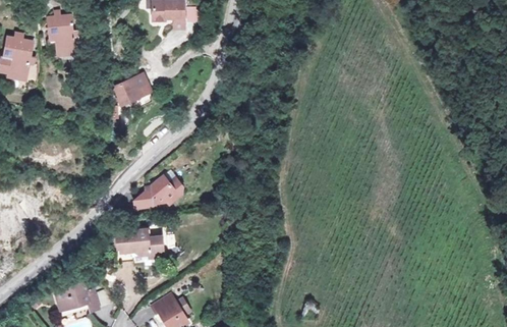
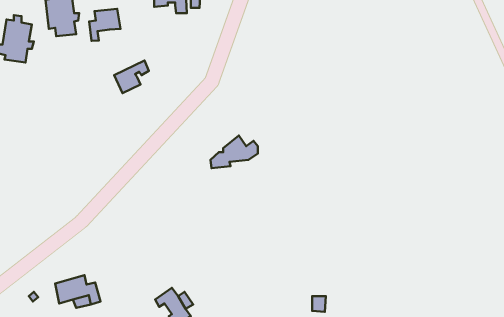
building: none -> [89,9,120,41]
building: [135,176,181,208] -> [210,135,258,168]
building: [119,229,163,257] -> none

